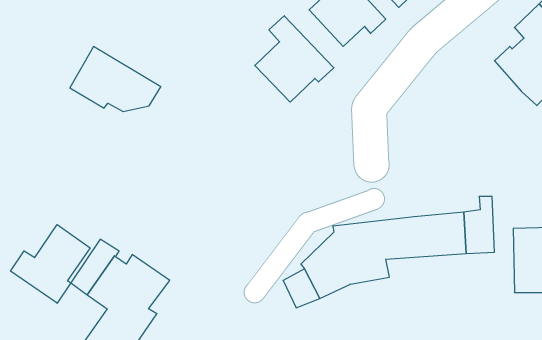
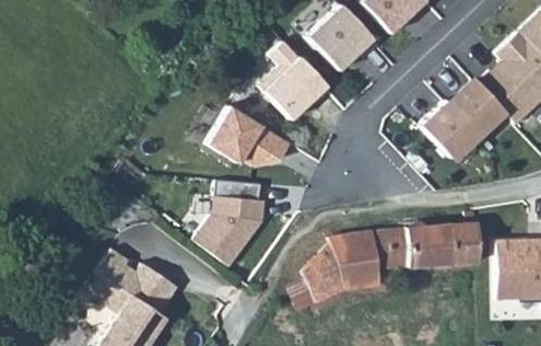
building: [70,47,161,112] -> [207,106,291,166]
building: none -> [419,73,504,157]
building: none -> [193,196,266,267]
building: [11,225,90,303] -> none

